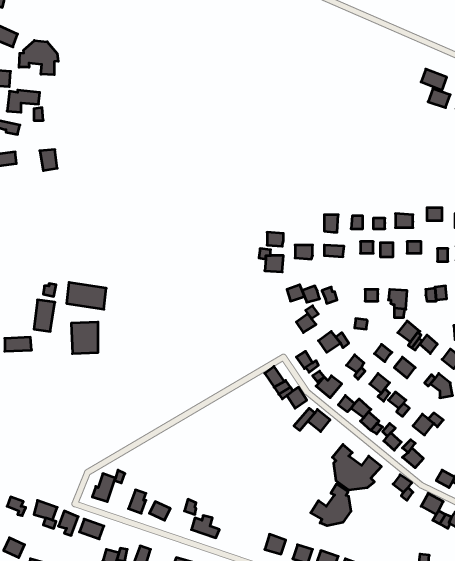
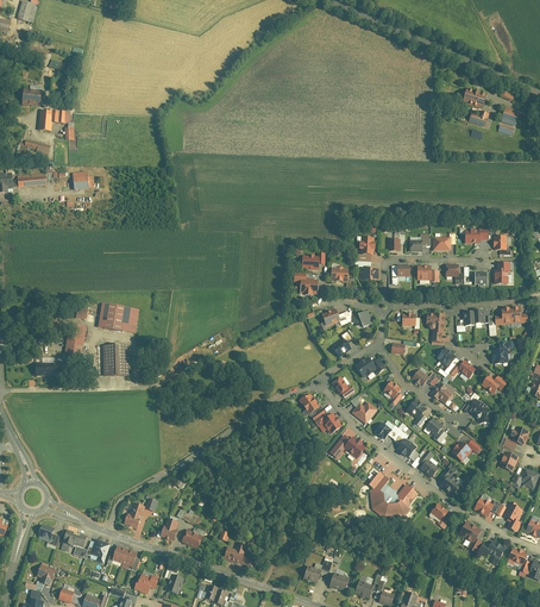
building: [19,40,58,75] -> none
building: [311,484,351,526] -> none

